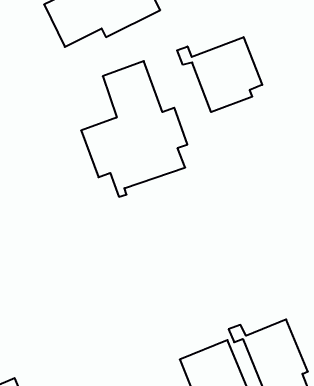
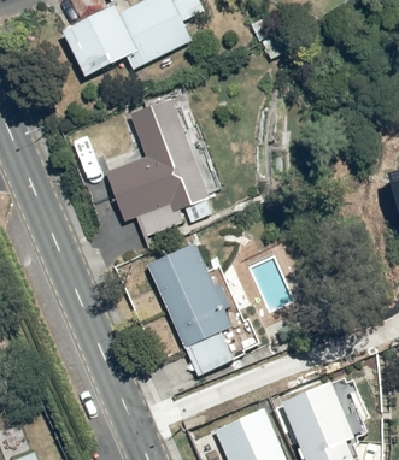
building: [177,37,262,112] -> none
building: none -> [146,242,256,376]

